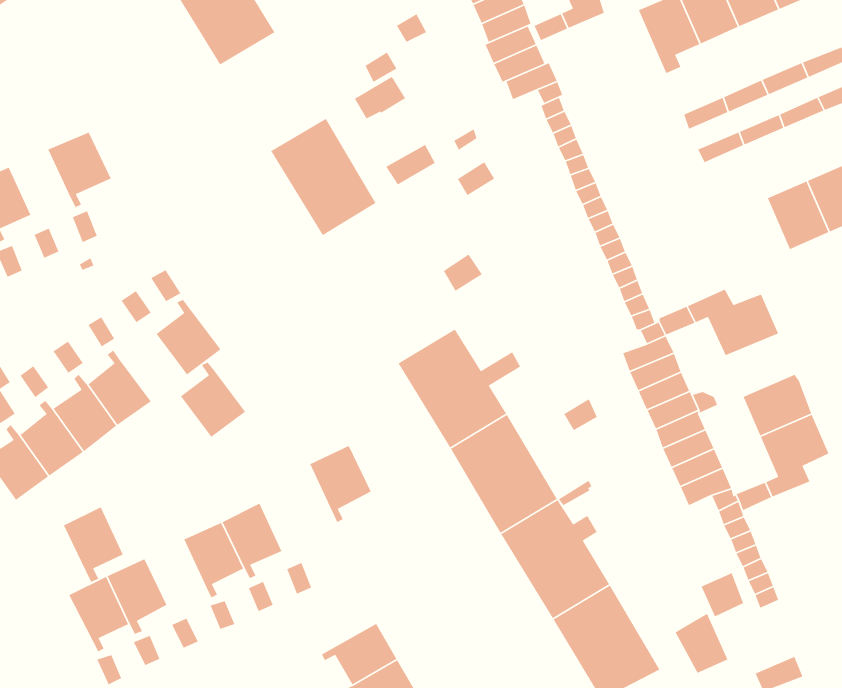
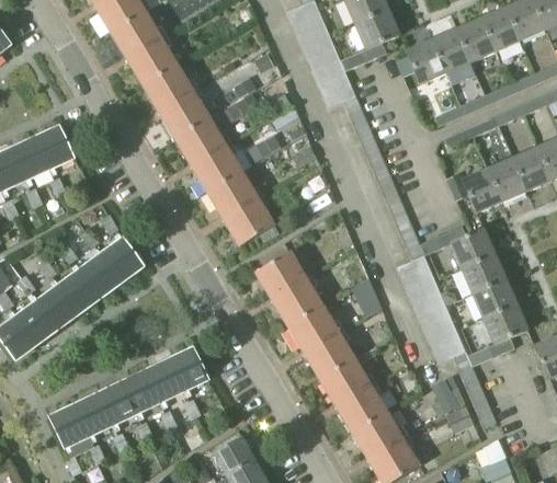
building: none -> [143,65,209,139]
building: none -> [10,138,48,186]
building: none -> [462,169,501,212]
building: none -> [207,172,273,246]
building: none -> [461,254,504,294]
building: [180,361,246,438] -> [80,249,122,297]
building: [309,445,372,523] -> [168,348,207,398]
building: [63,506,124,583] -> [95,383,134,432]
building: [674,613,728,674] -> [431,375,465,413]

